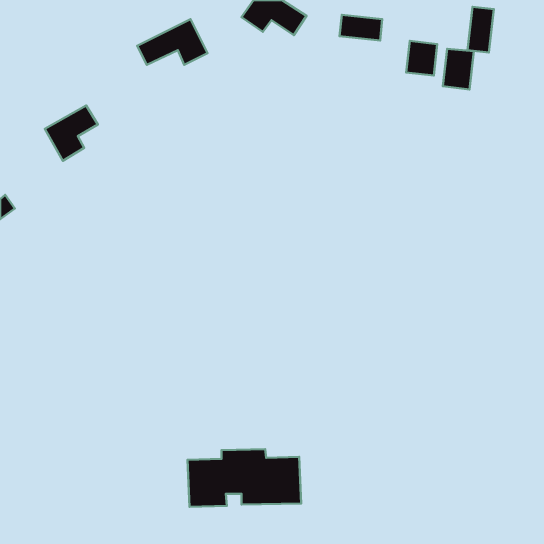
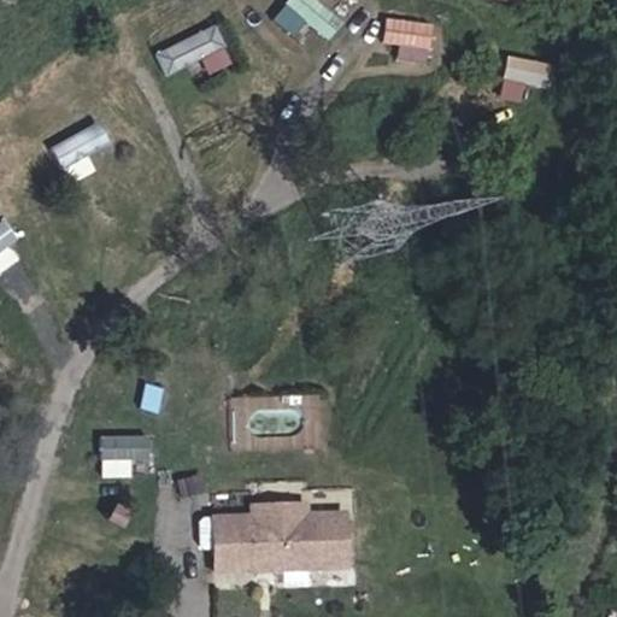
building: [468,7,494,53] -> none
building: [406,41,437,76] -> none
building: none -> [100,434,151,475]

